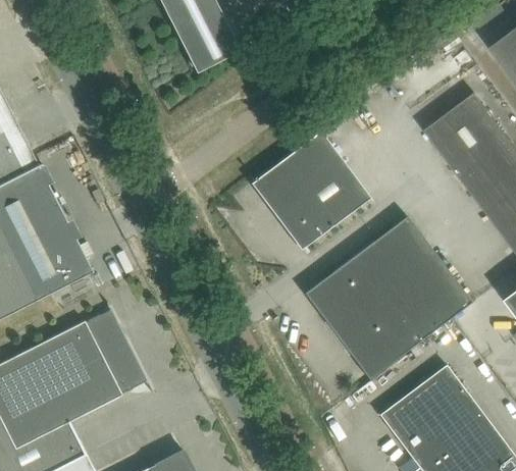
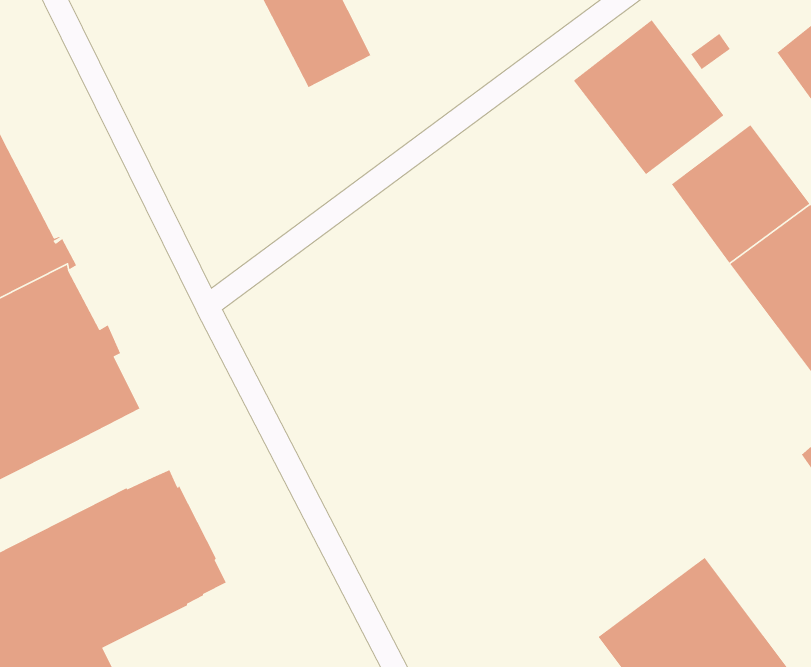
building: none -> [573,19,724,175]
building: [251,129,371,251] -> none
building: [318,215,471,379] -> none

